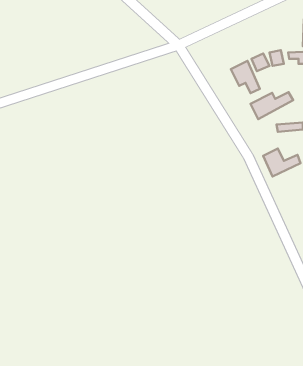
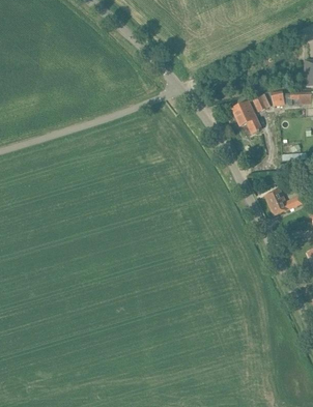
building: [251,92,293,119] -> none

